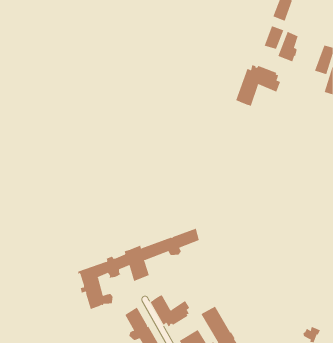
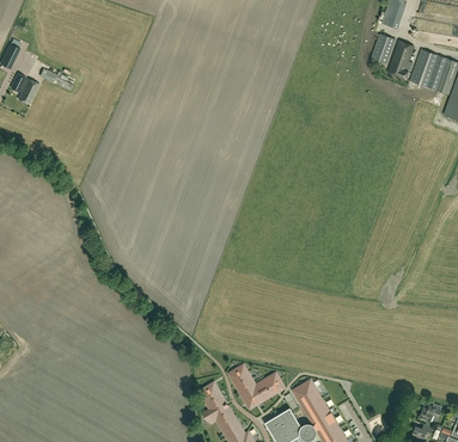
building: none -> [409,49,440,87]
building: [236,64,281,106] -> none
building: [77,228,200,310] -> none

